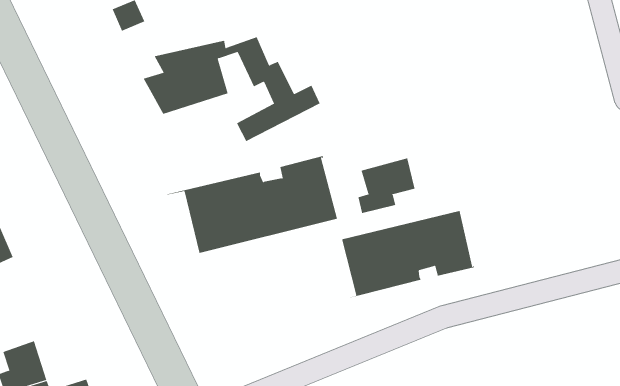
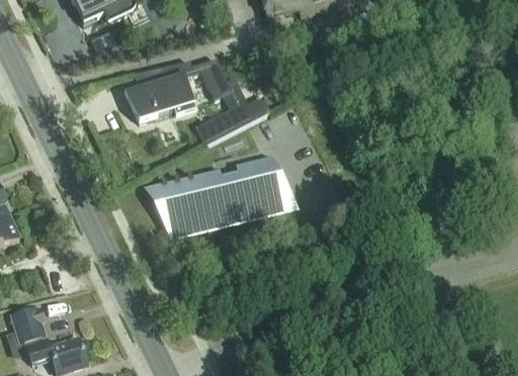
building: [358,158,415,214] -> none
building: [341,210,475,300] -> none

